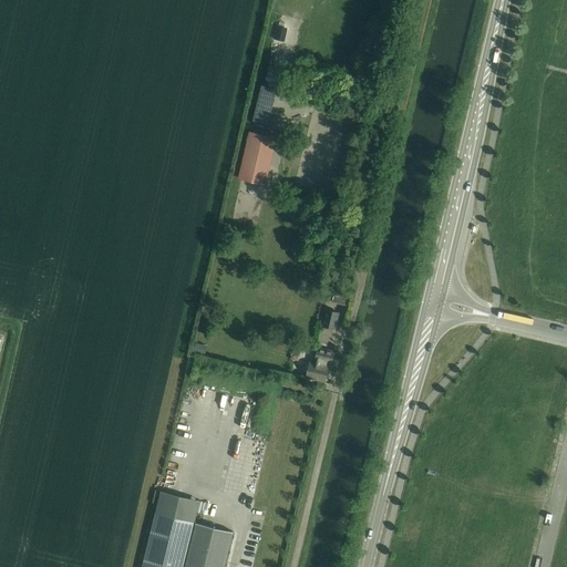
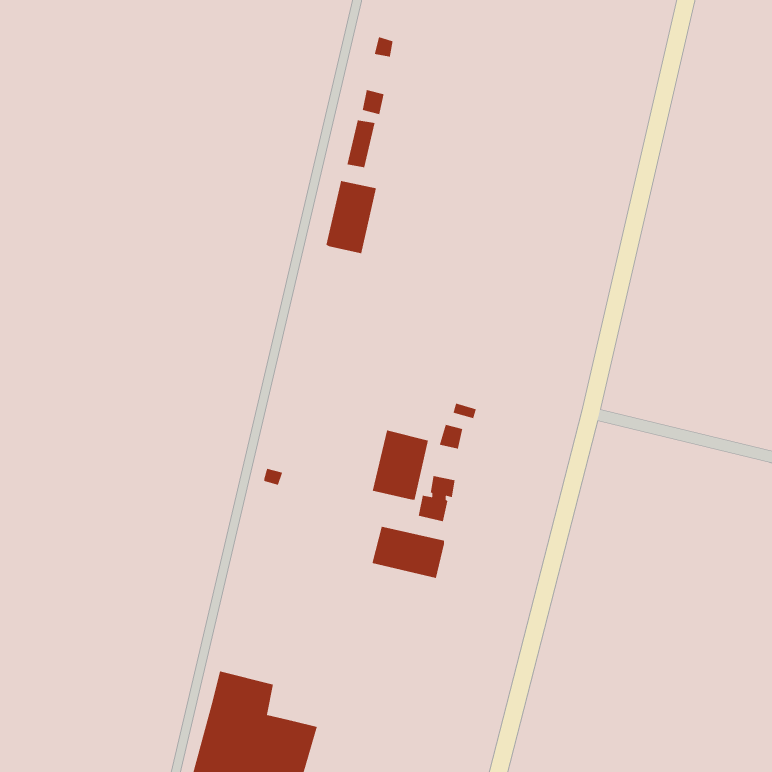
building: none -> [372,429,429,500]
building: none -> [372,526,445,579]

